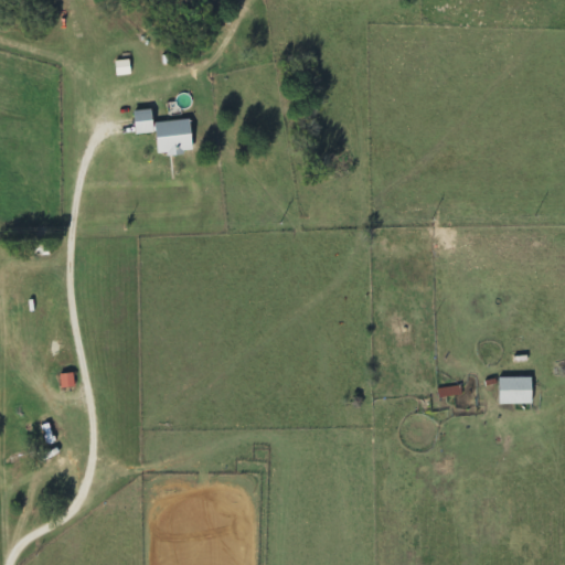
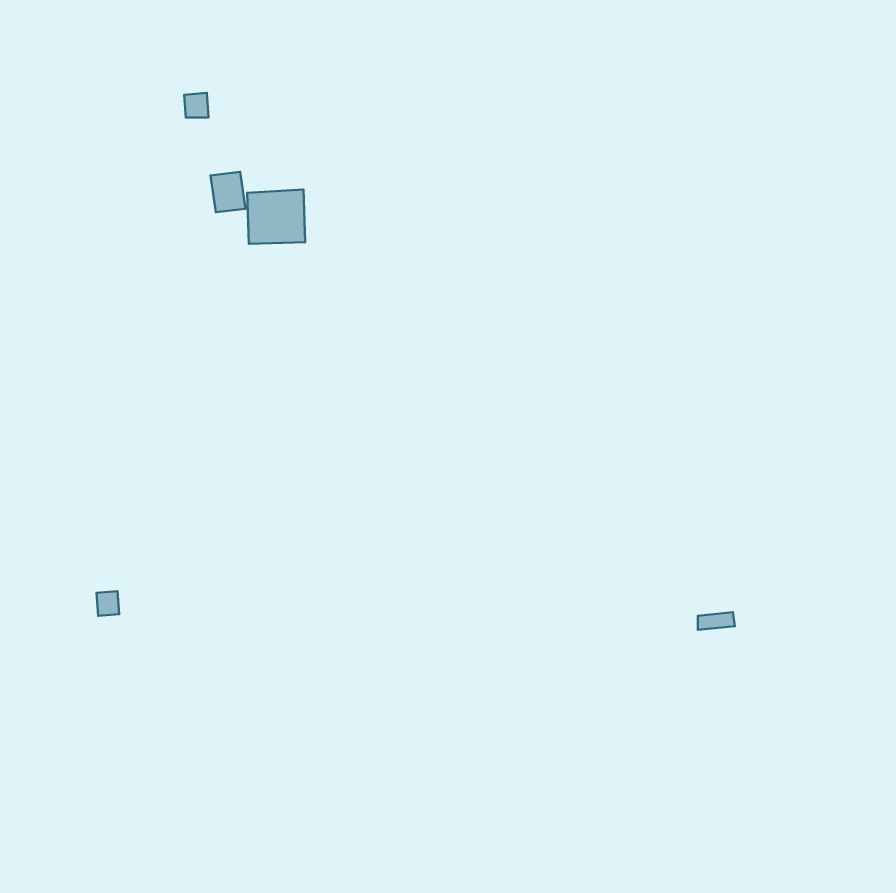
building: [500,376,532,404] -> none

